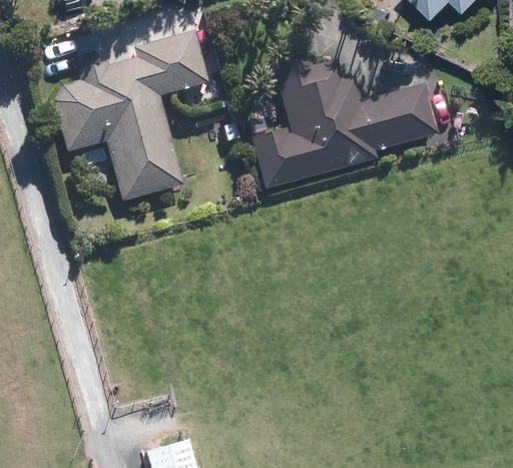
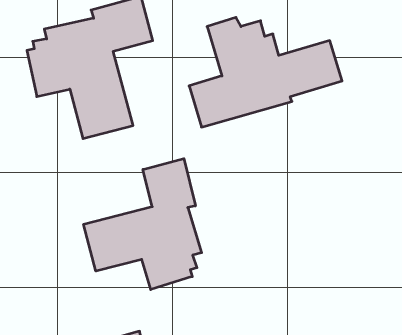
building: none -> [84,159,202,290]

